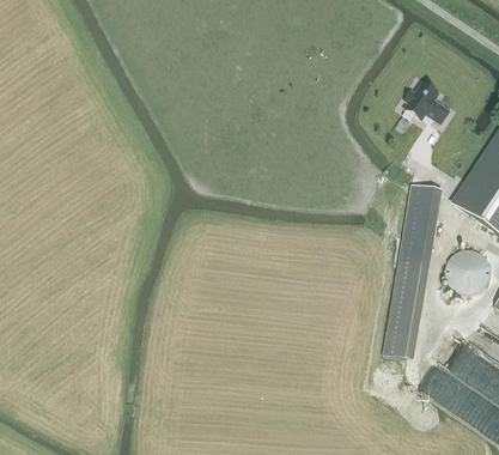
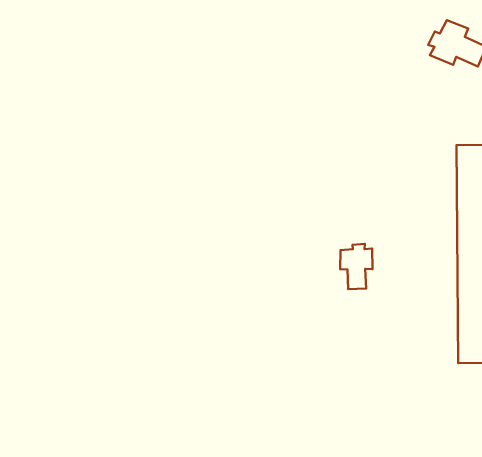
building: none -> [340,244,372,289]

